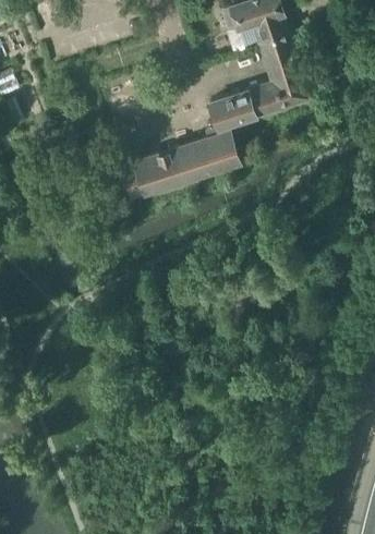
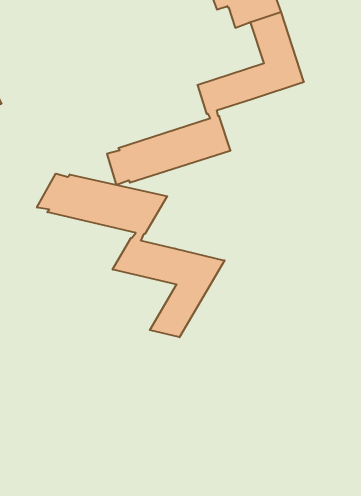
building: none -> [37,174,225,337]

